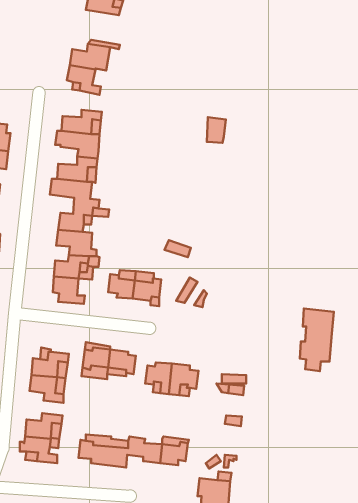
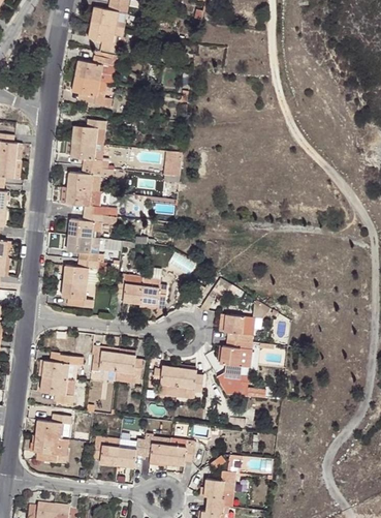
building: none -> [89,23,124,53]
building: [207,117,226,143] -> [165,149,184,174]
building: [300,309,334,371] -> [218,315,251,376]

